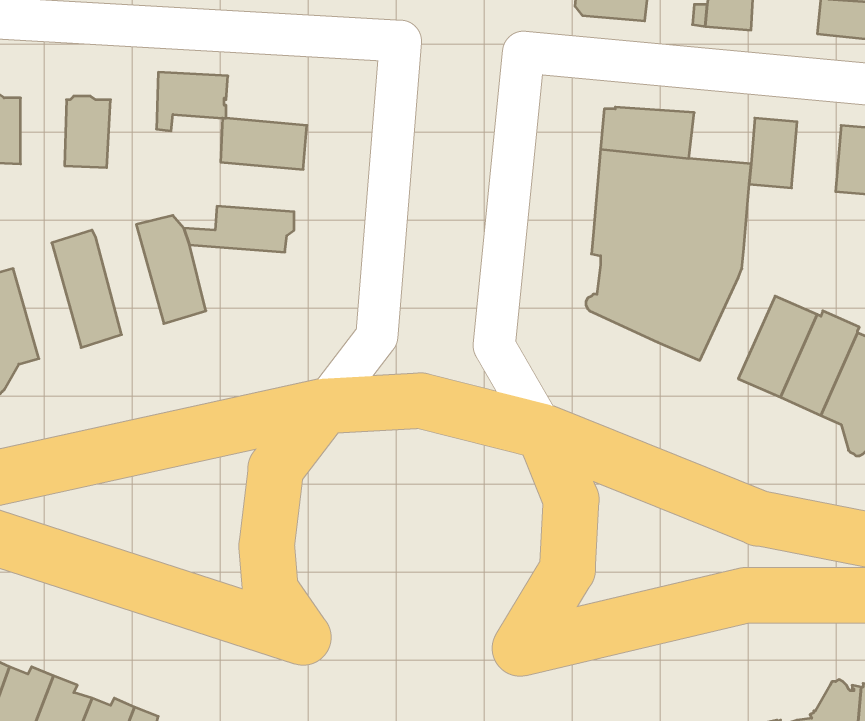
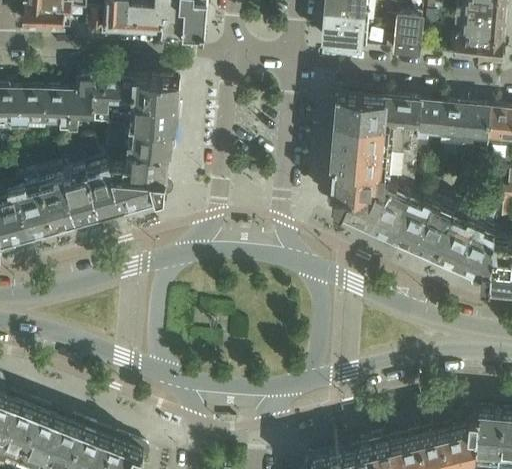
building: none -> [67,77,95,131]
building: none -> [131,79,178,106]
building: none -> [20,90,45,128]
building: none -> [384,99,420,127]
building: none -> [440,104,467,142]
building: none -> [127,126,174,153]
building: none -> [61,160,98,220]
building: none -> [14,170,53,233]
building: none -> [112,171,169,207]
building: none -> [390,189,431,244]

